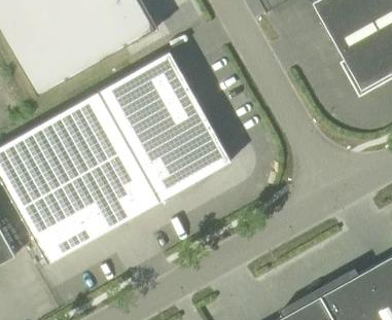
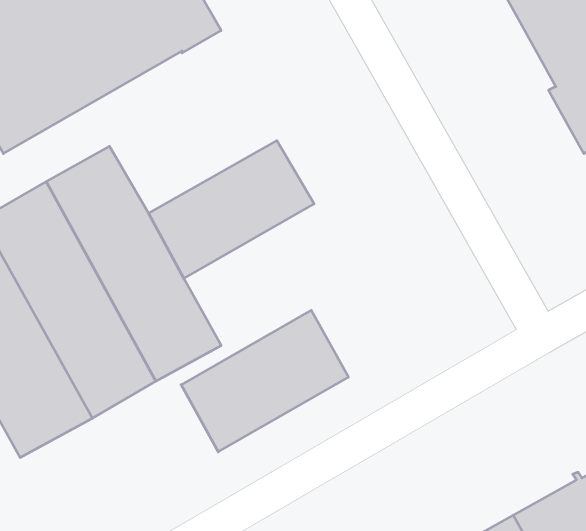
building: [97,50,189,129] -> none
building: [138,123,230,202] -> [181,310,348,452]

